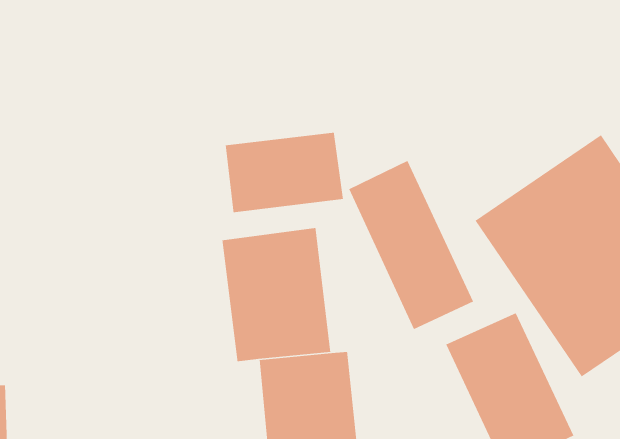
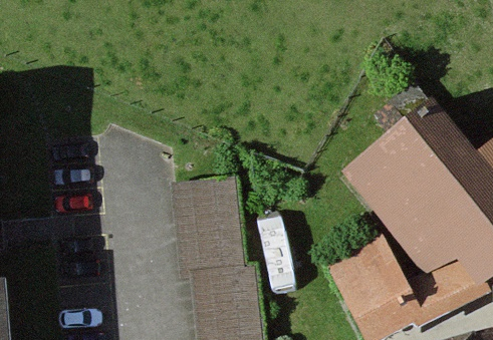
building: [225,132,344,213] -> none
building: [348,160,474,330] -> none

